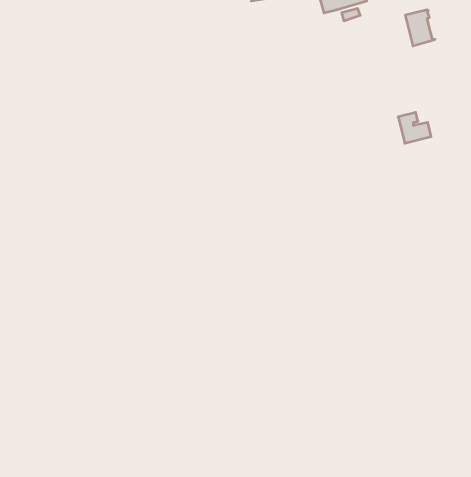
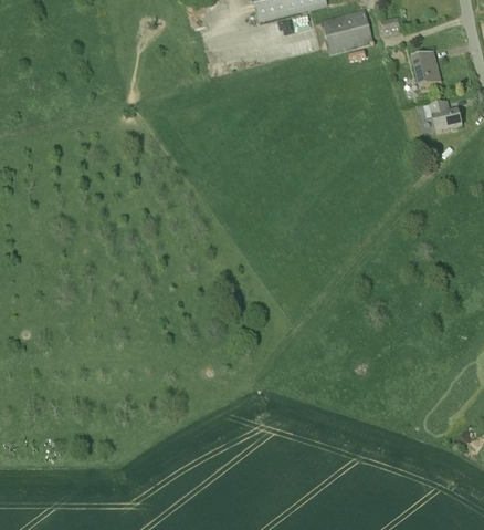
building: [398,112,431,143] -> [429,101,462,132]

